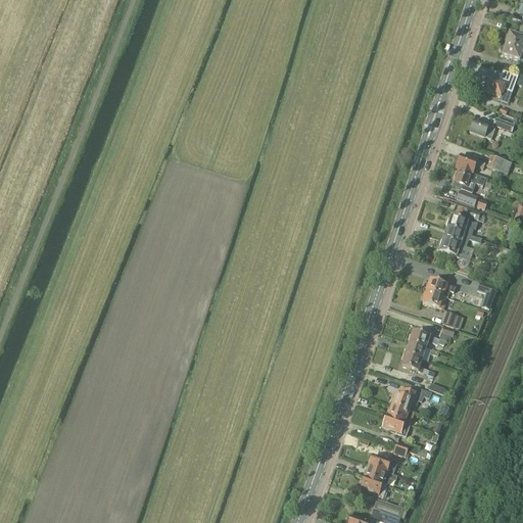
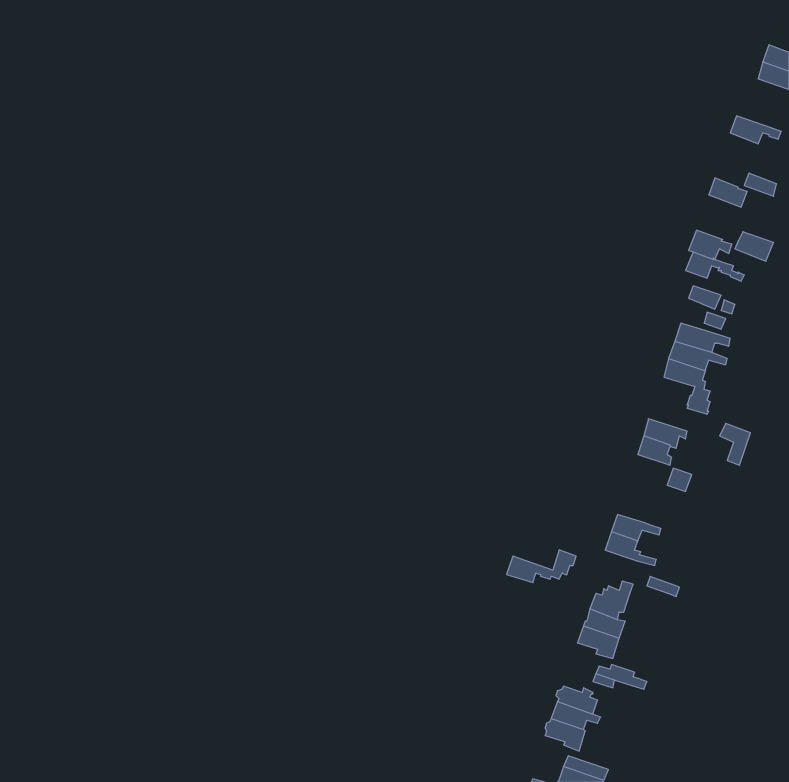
building: [409,324,455,345] -> [507,550,576,582]

